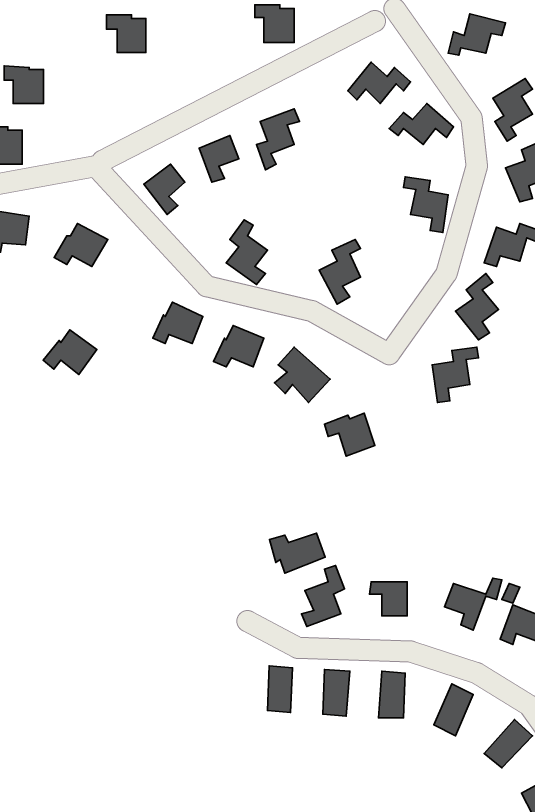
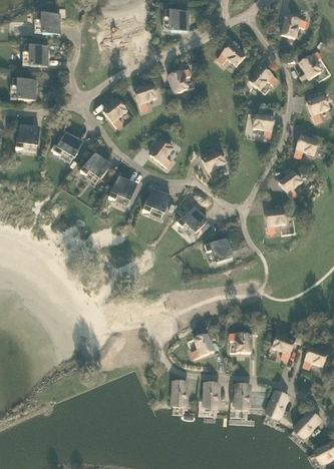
building: [106,15,146,52] -> [37,12,59,33]
building: [43,330,97,375] -> [80,153,110,178]
building: [270,533,325,573] -> none

